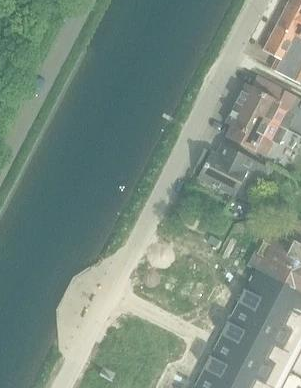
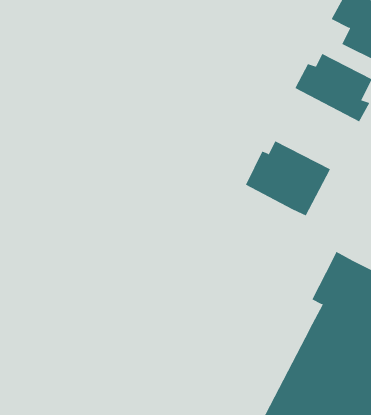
building: [226,103,286,157] -> none

